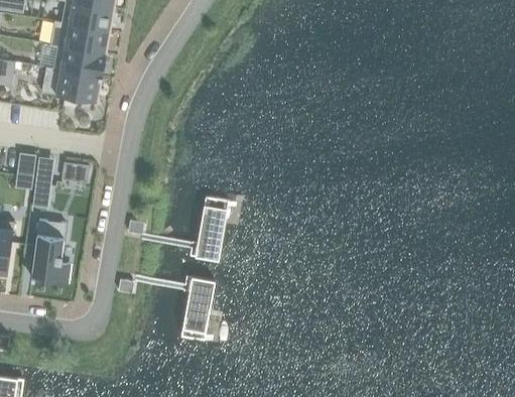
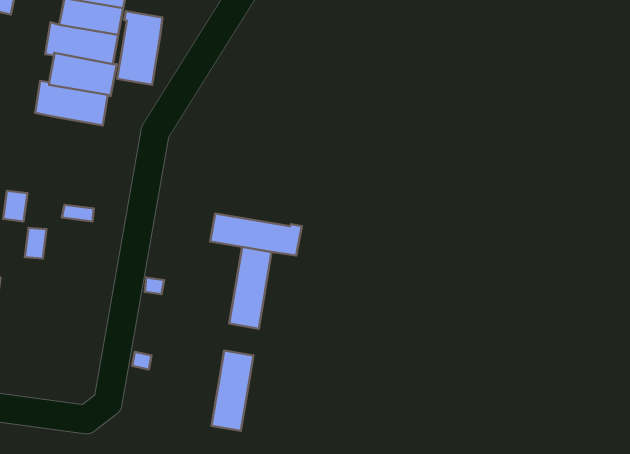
building: none -> [117,11,162,85]
building: none -> [210,213,302,255]
building: [30,219,69,282] -> none

